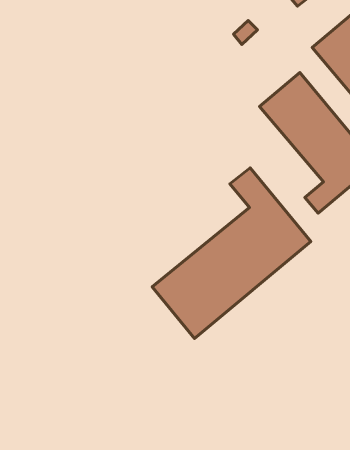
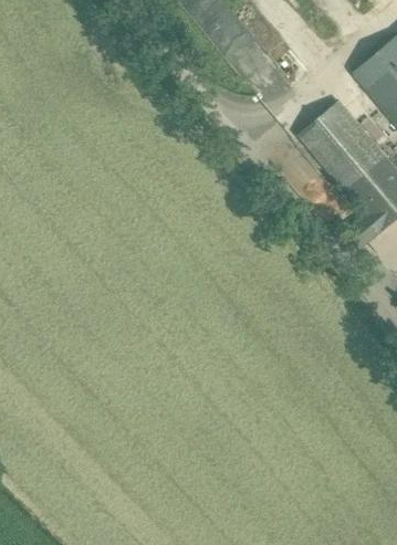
building: [152,168,311,338] -> none

